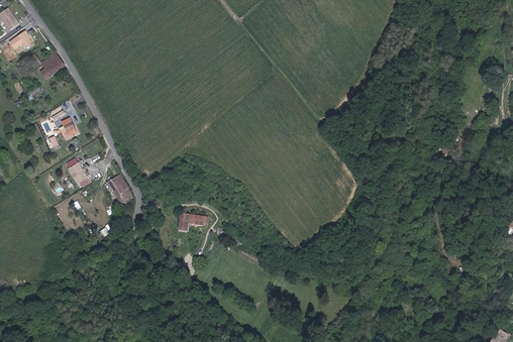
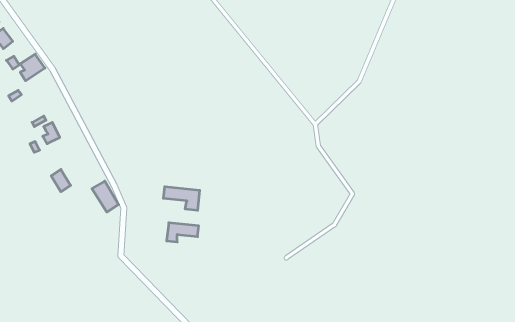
building: none -> [163,187,200,210]

